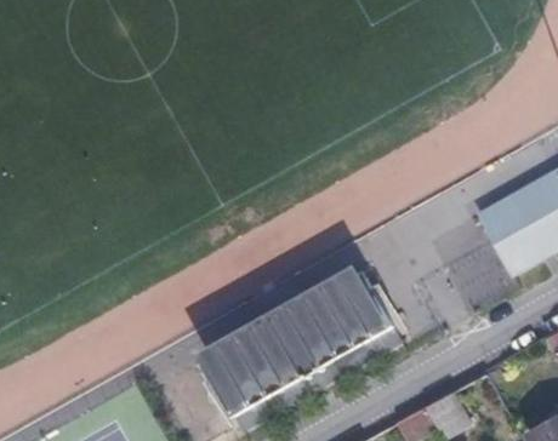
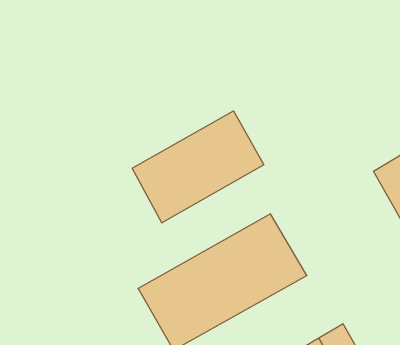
building: none -> [132,111,264,223]

